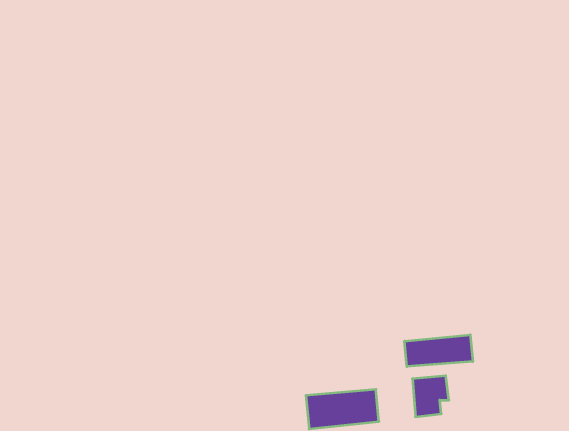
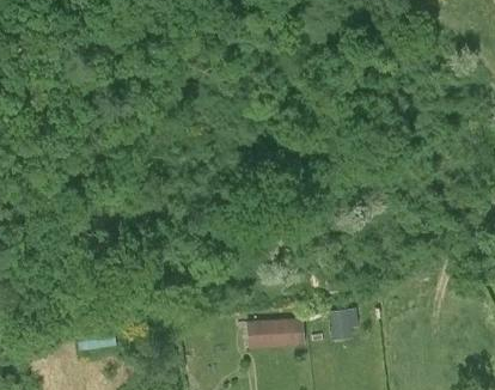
building: [405,335,473,367] -> none

